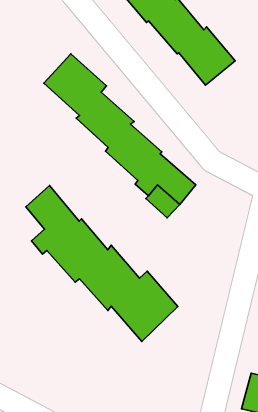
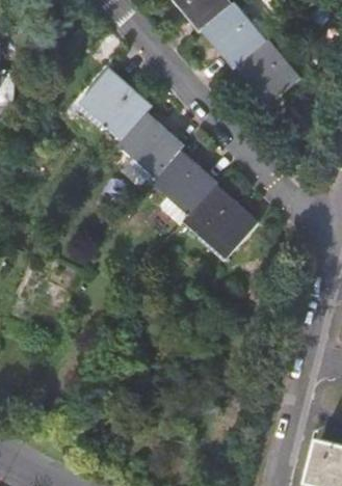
building: [26,185,178,341] -> none

